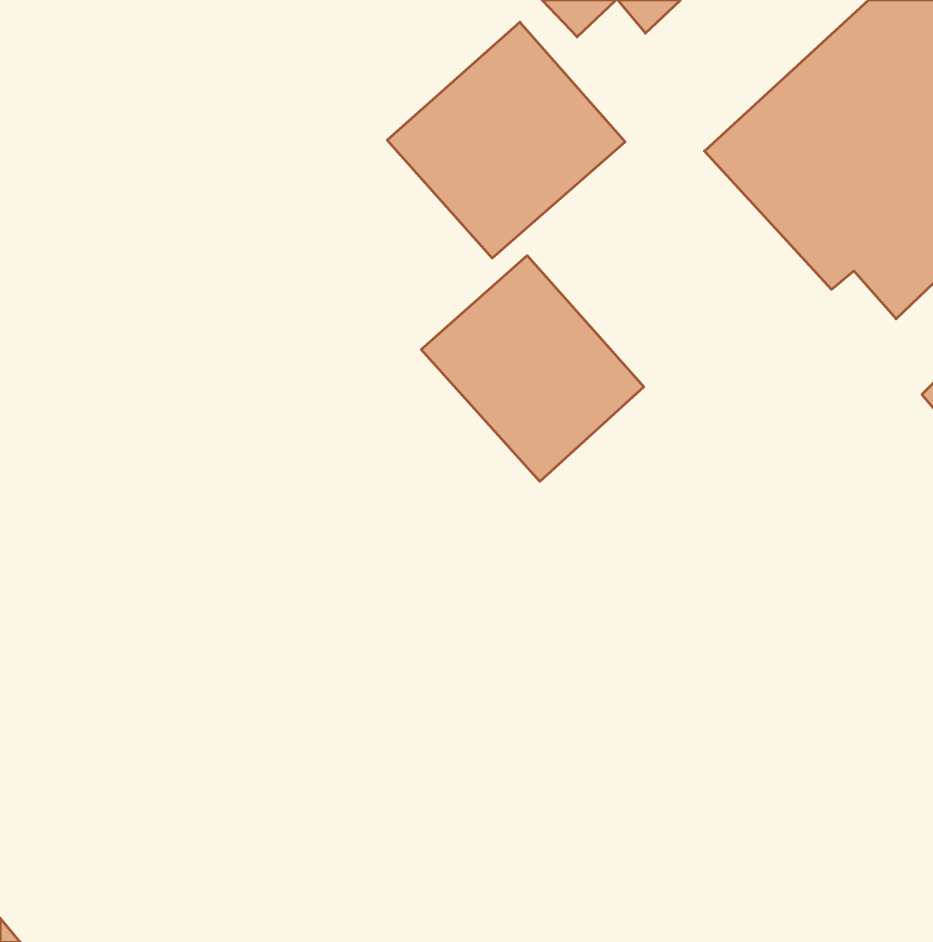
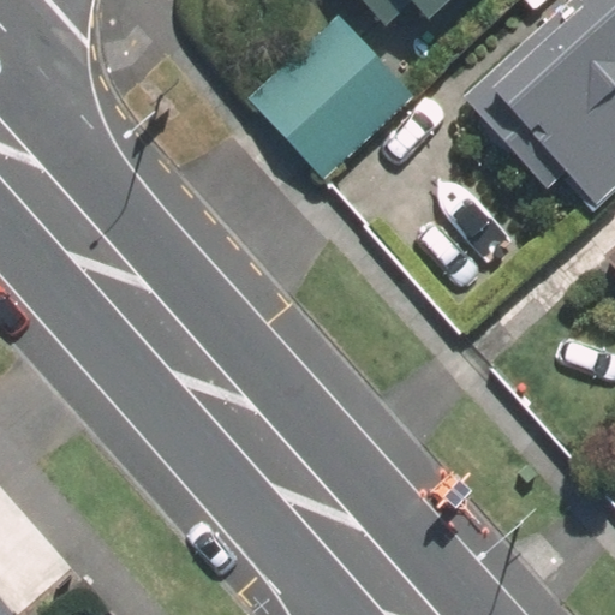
building: [421,256,644,481] -> none

